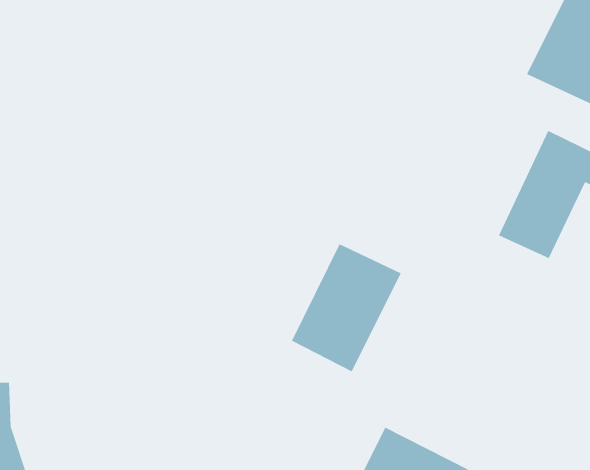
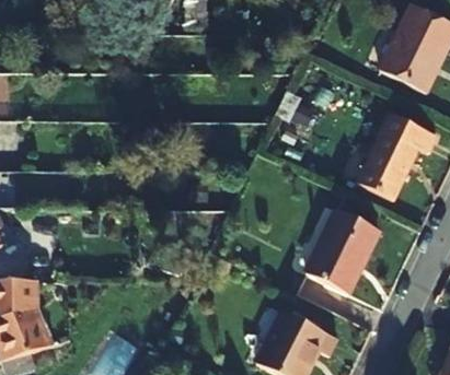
building: [291,244,402,372] -> [308,206,381,291]

